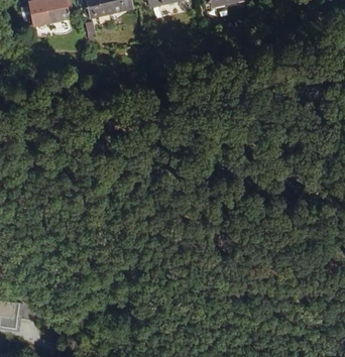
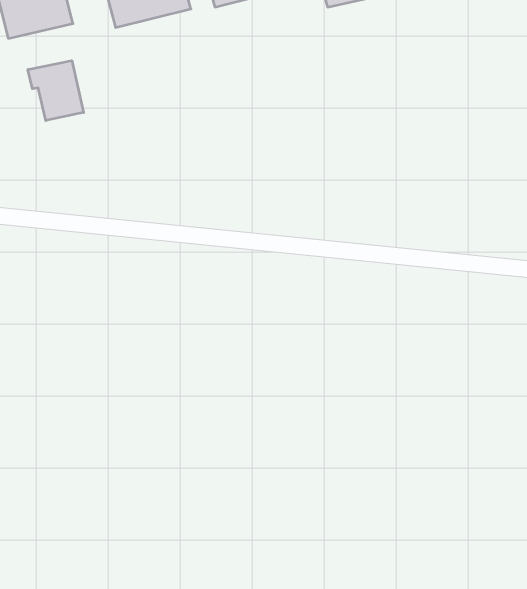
building: none -> [28,61,84,121]

